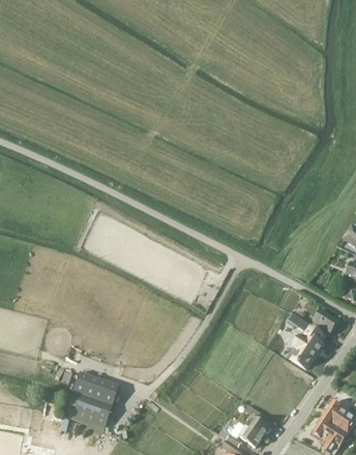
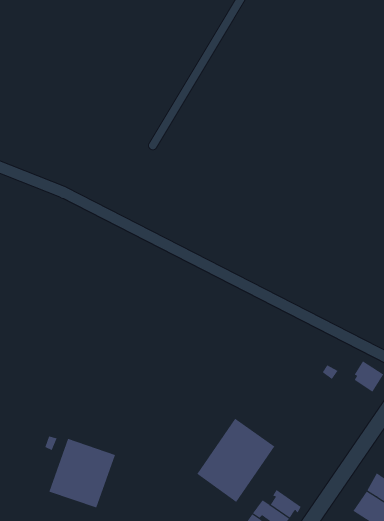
building: [292,326,325,369] -> none
building: none -> [196,418,275,503]

